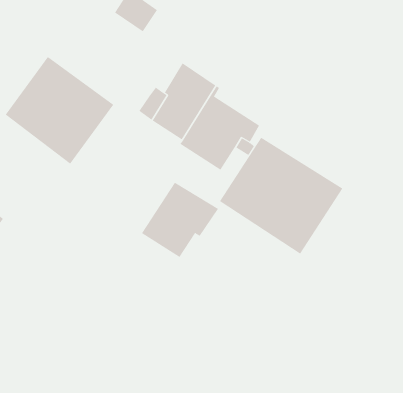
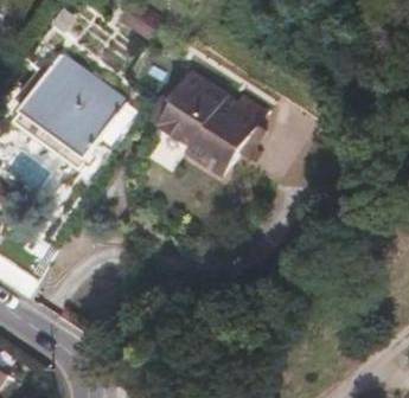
building: [219,137,343,254] -> none
building: [141,182,219,258] -> none

